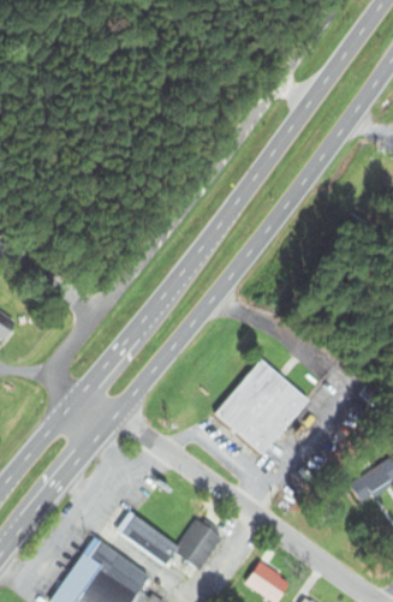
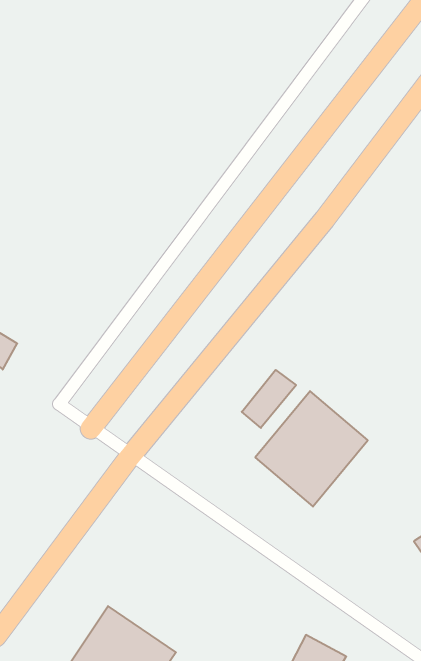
building: none -> [242,370,296,428]
building: [115,512,221,571] -> none

